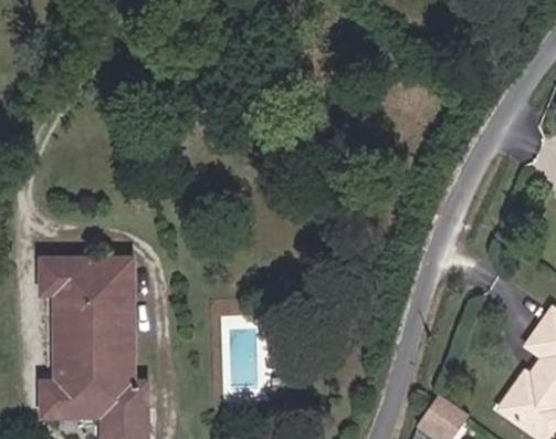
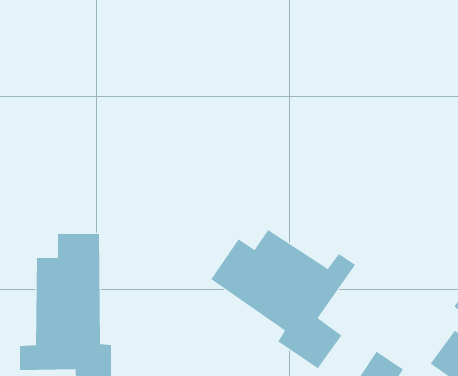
building: none -> [210,229,356,369]
building: [38,262,83,290] -> none

